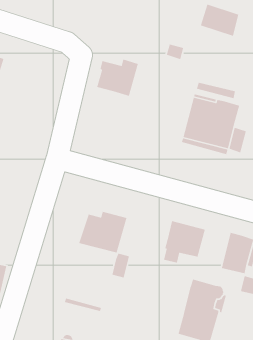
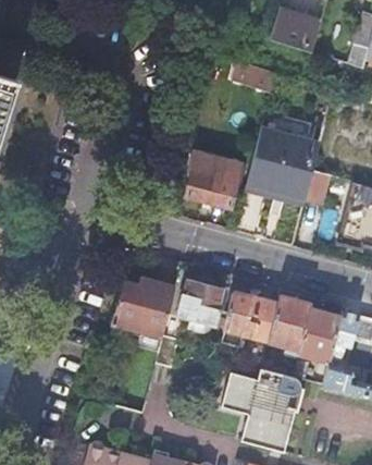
building: [96,58,139,97] -> [187,157,243,207]
building: none -> [177,281,224,327]
building: none -> [268,294,310,350]
building: none -> [221,371,257,413]

